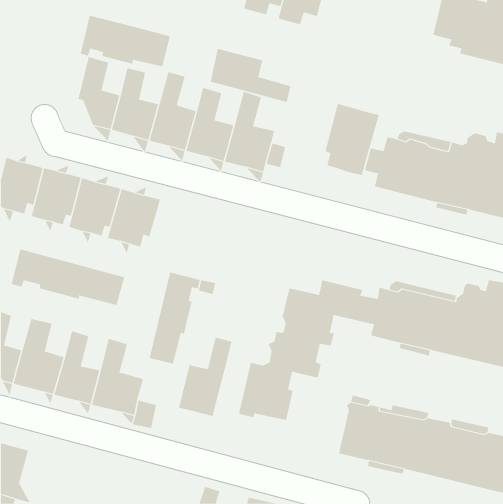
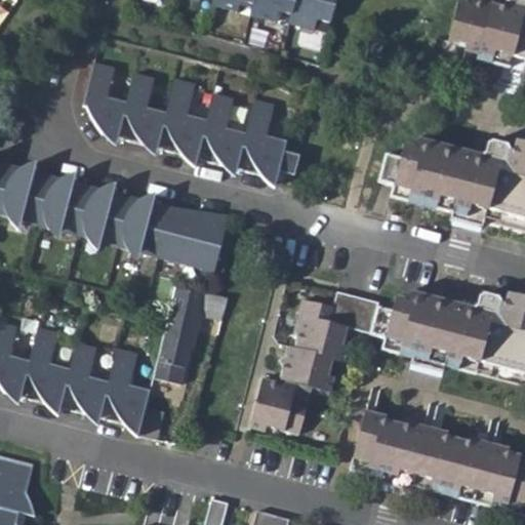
building: [80,15,171,67] -> none
building: [210,48,291,103] -> none
building: [325,103,380,176] -> none
building: none -> [159,206,227,273]
building: [11,249,125,306] -> none
building: [178,337,232,417] -> none

